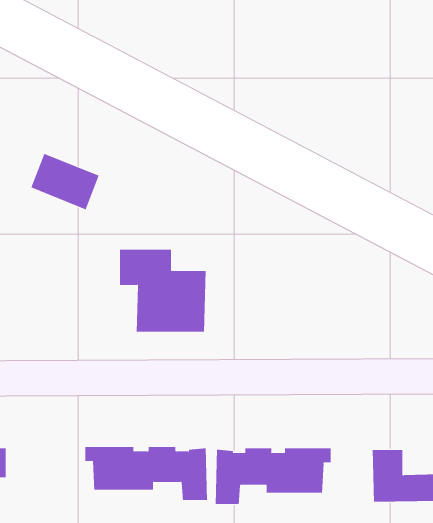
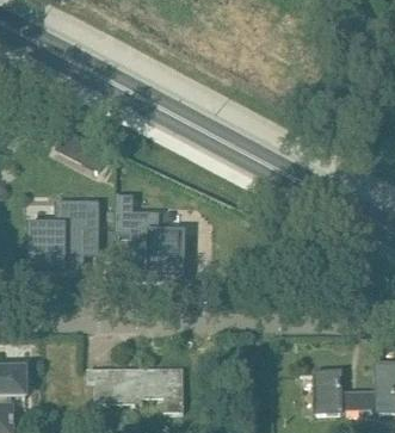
building: none -> [29,199,100,265]
building: [215,447,331,505] -> none

